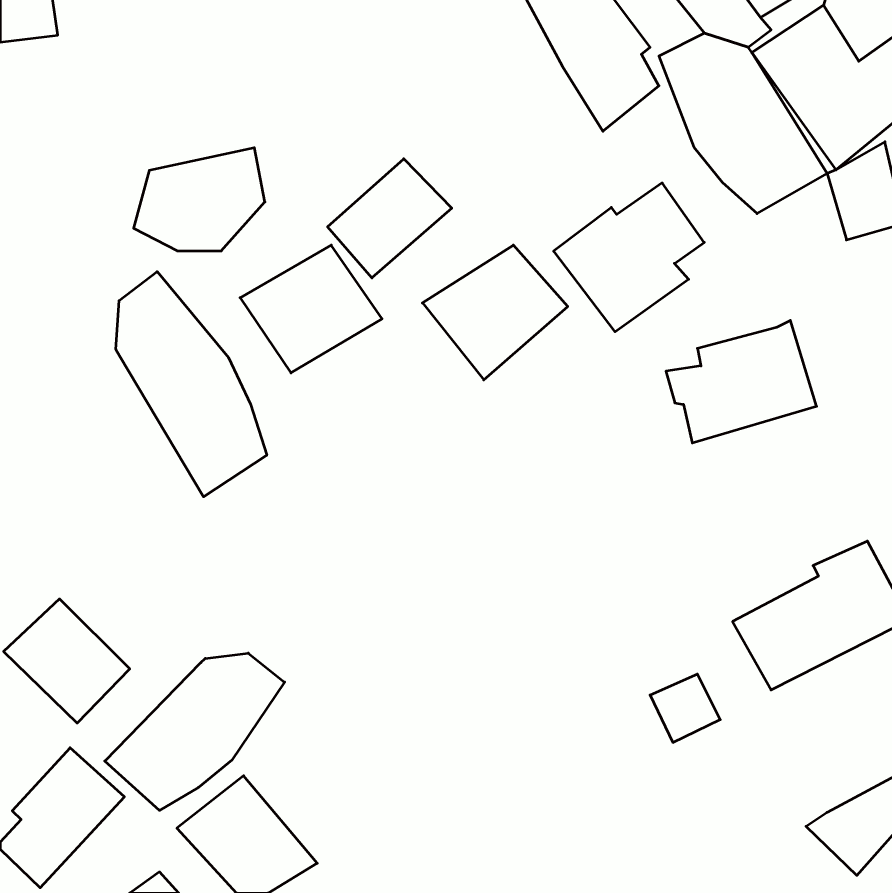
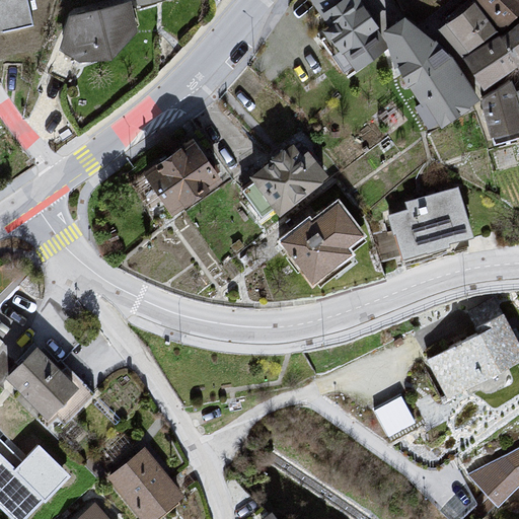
building: [134,148,265,251] -> [59,5,135,65]
building: [328,159,452,278] -> none
building: [554,183,704,332] -> [277,201,364,287]
building: [116,272,267,497] -> none
building: [105,653,285,810] -> none

